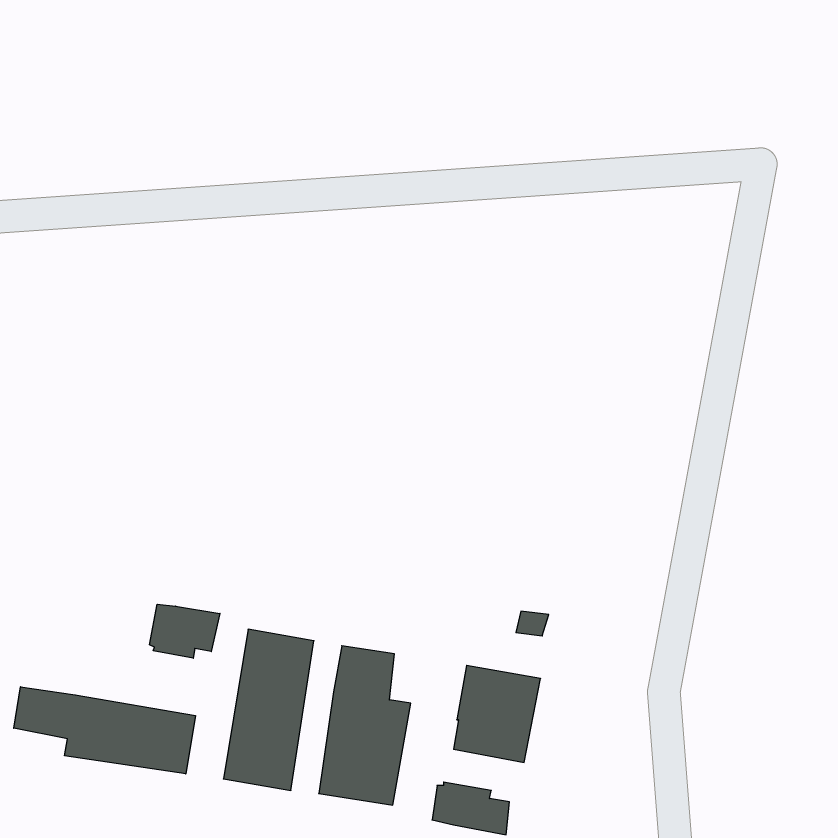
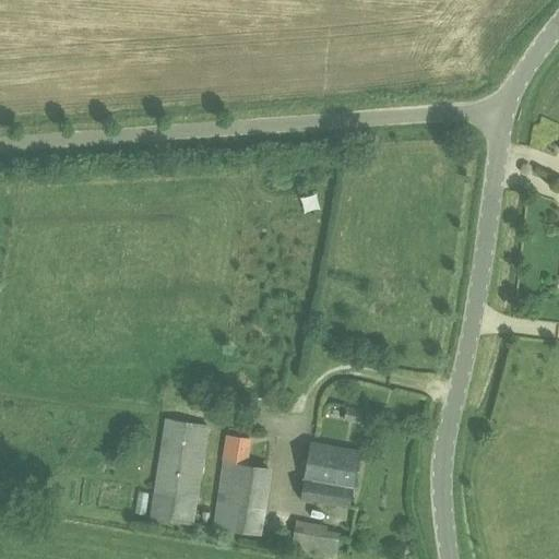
building: [149,604,220,658] -> none
building: [14,687,195,774] -> none

